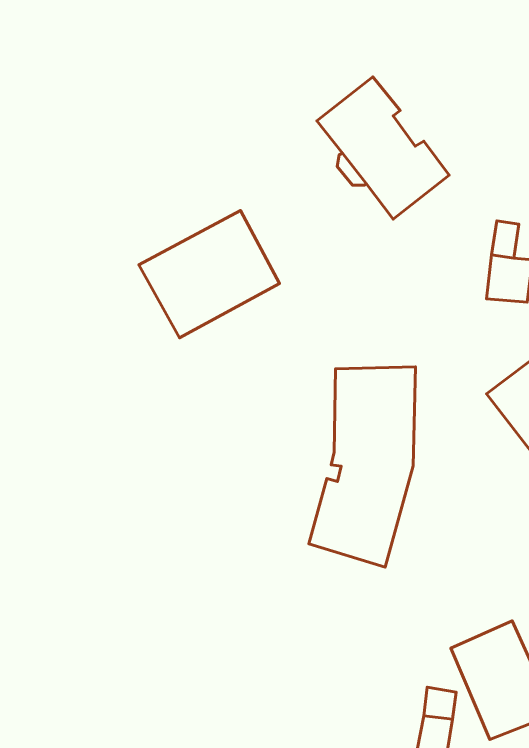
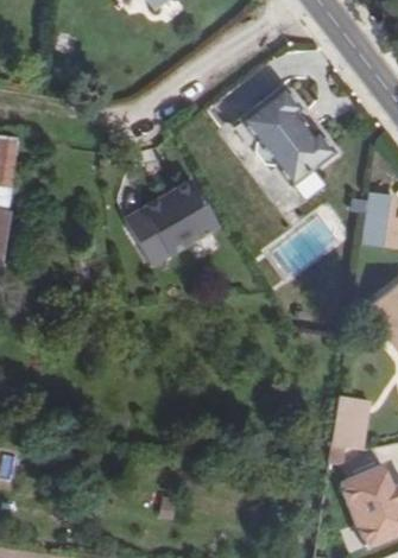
building: [309,367,416,567] -> none
building: none -> [334,399,372,451]

